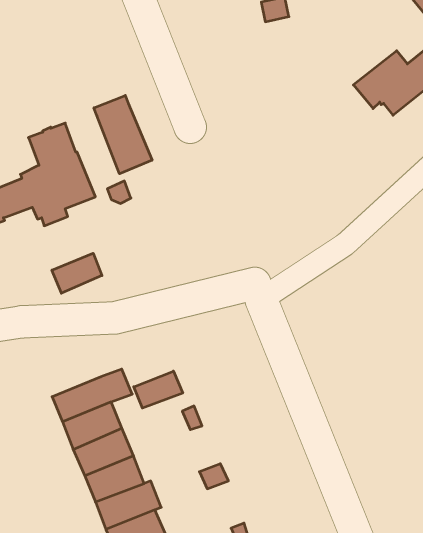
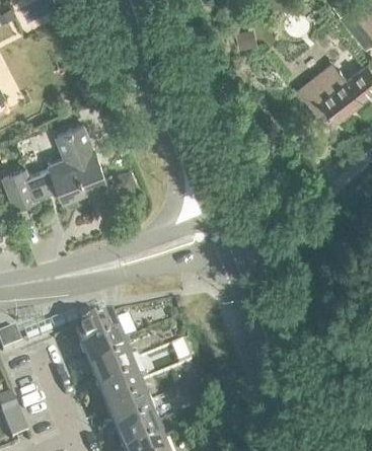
building: [94,95,152,174] -> none
building: [52,253,102,293] -> none
building: [134,371,183,408] -> none

